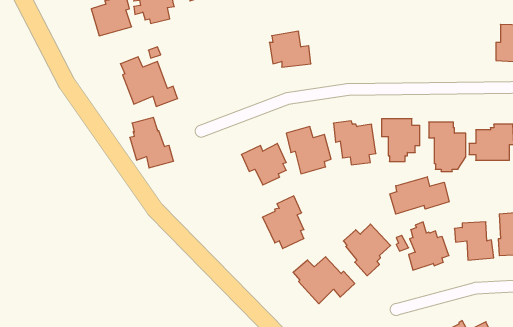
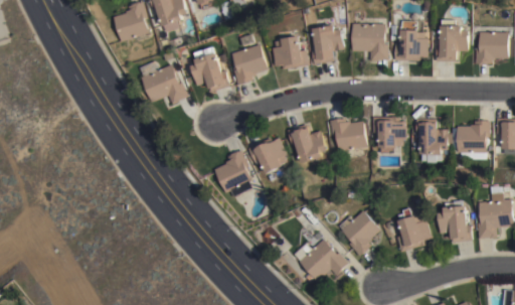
building: none -> [436,21,468,62]
building: none -> [395,22,428,60]
building: none -> [351,24,389,61]
building: none -> [311,27,344,64]
building: none -> [231,34,269,87]
building: [130,117,174,168] -> [191,48,230,94]
building: [390,177,449,214] -> none
building: [262,196,304,249] -> [213,151,250,198]

